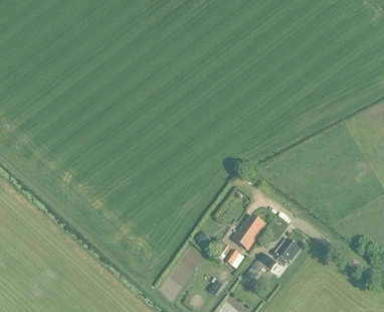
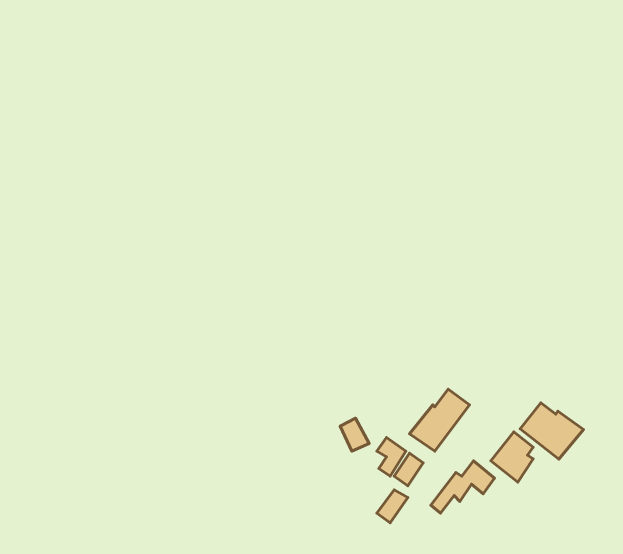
building: none -> [520,403,583,459]

